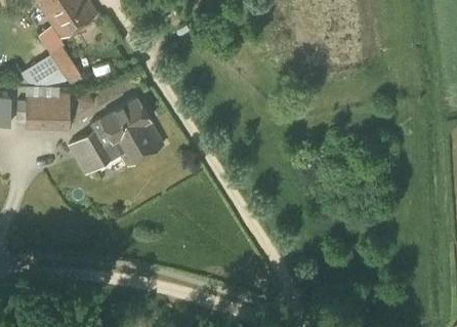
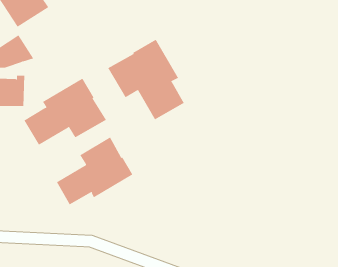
building: none -> [107,39,184,120]
building: none -> [56,137,133,205]

